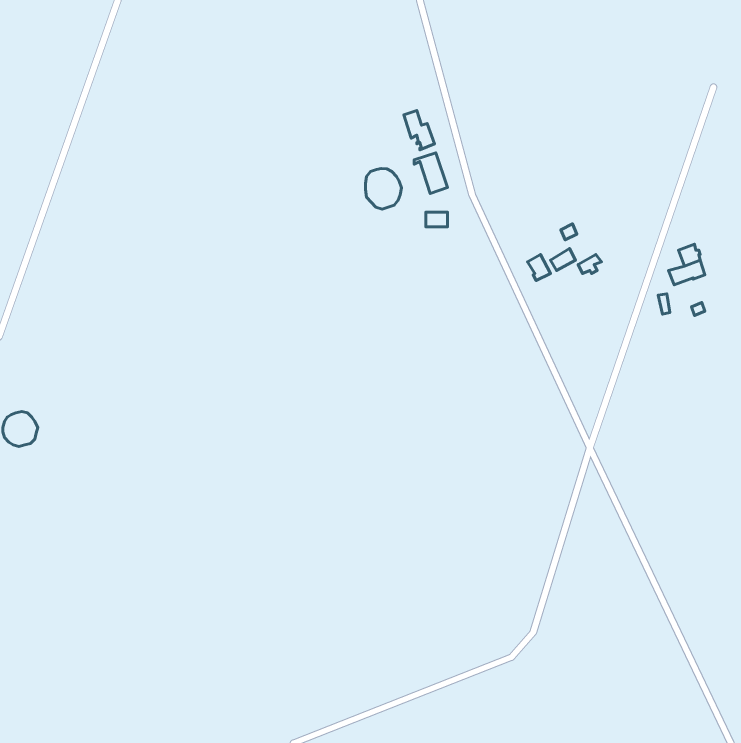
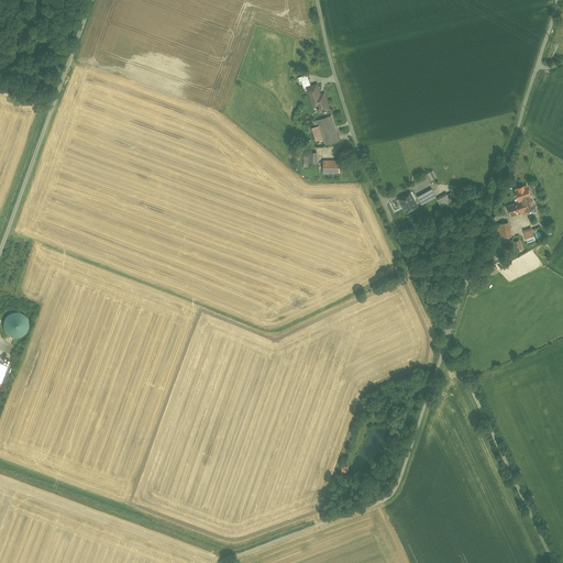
building: [365,169,401,209] -> none

